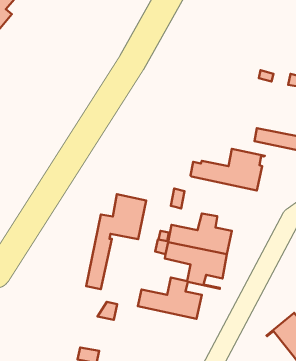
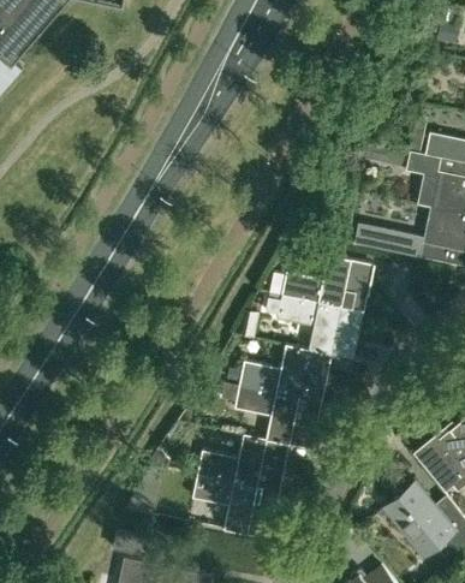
building: none -> [266,292,363,359]
building: [86,194,146,289] -> none
building: none -> [192,474,279,539]

